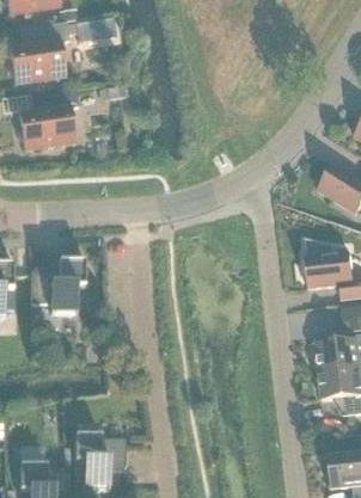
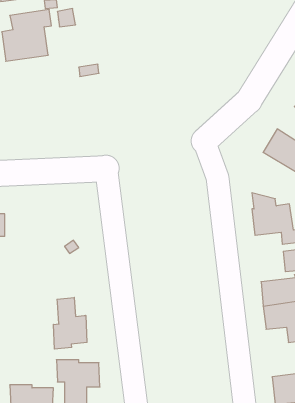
building: [18,88,77,148] -> none
building: [30,260,84,313] -> none
building: none -> [53,297,87,349]

